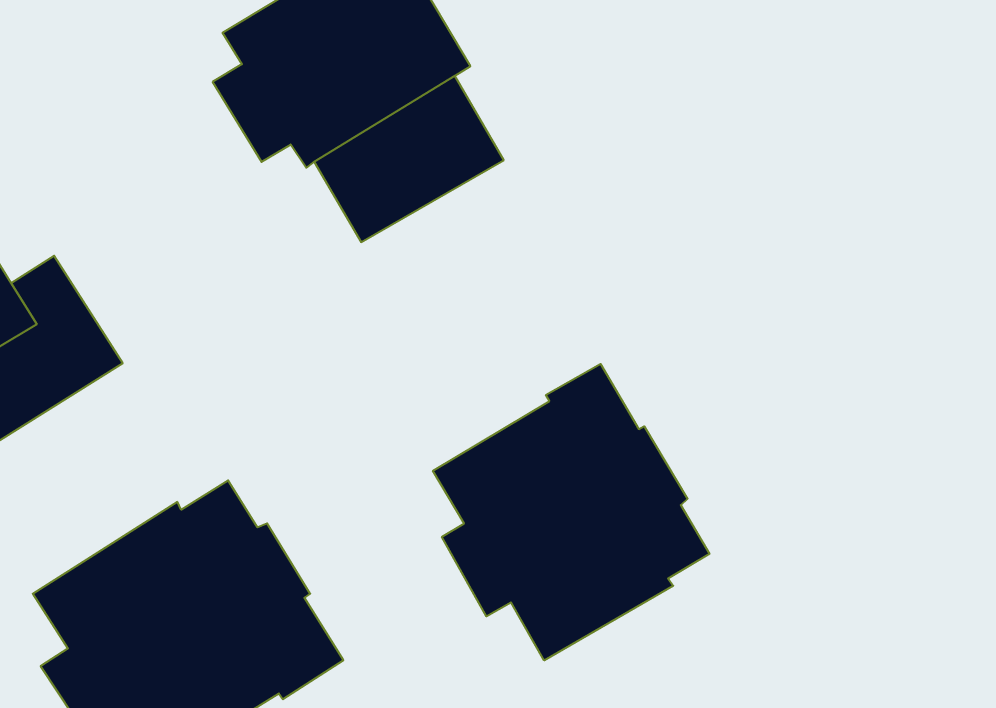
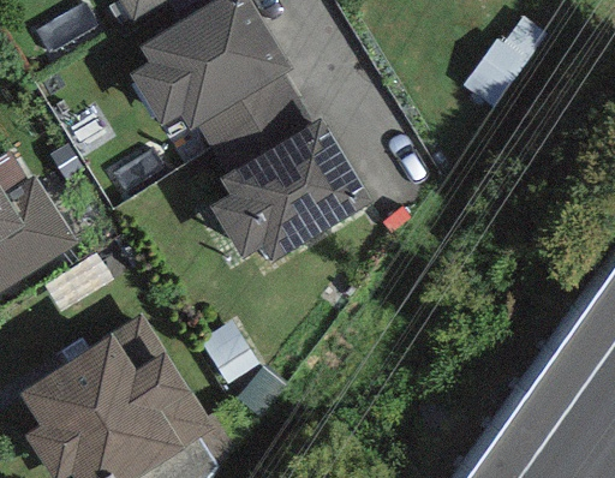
building: none -> [210,115,370,256]
building: [433,364,709,660] -> none

